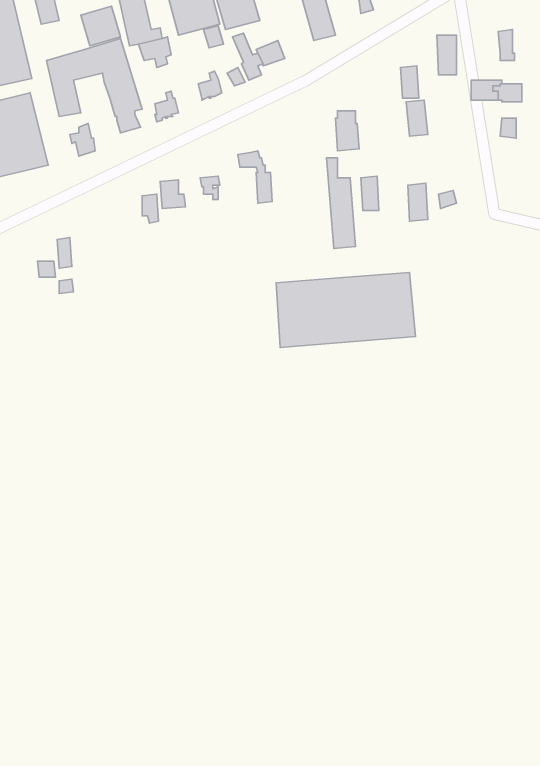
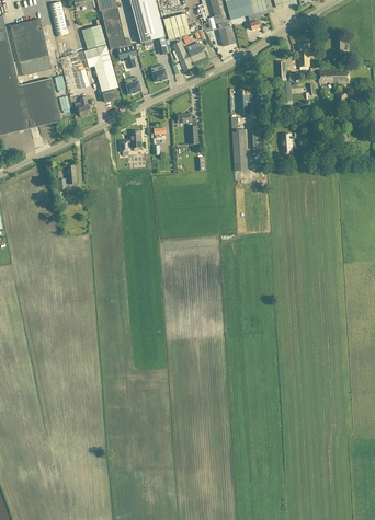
building: [276,272,416,347] -> none

